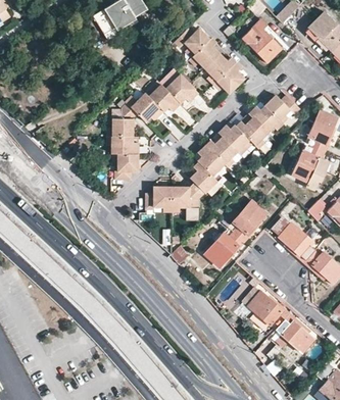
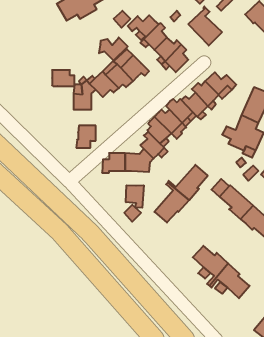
building: none -> [99,37,128,61]
building: [112,137,138,155] -> [52,70,74,86]
building: none -> [126,185,144,208]

